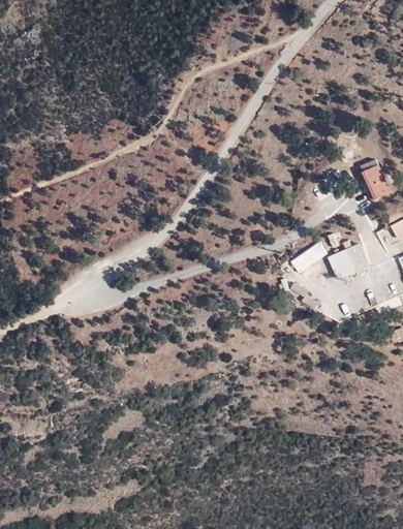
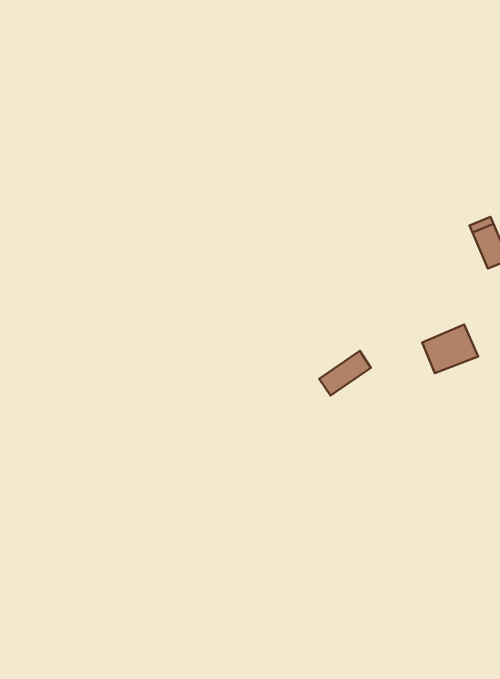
building: [289,241,328,274] -> [319,351,371,396]

